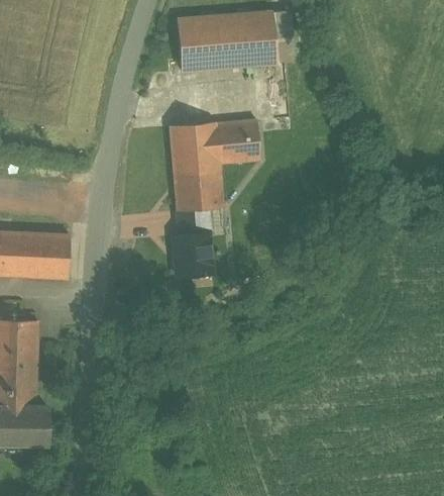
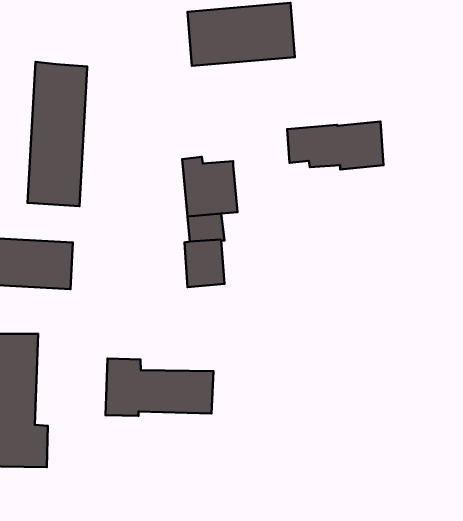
building: none -> [28,62,87,206]
building: [171,119,260,164] -> [287,122,384,169]
building: none -> [105,359,214,416]

